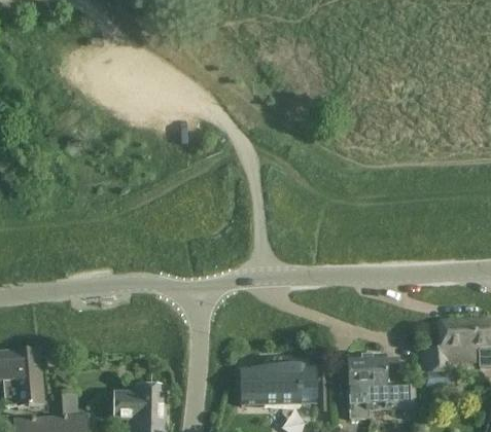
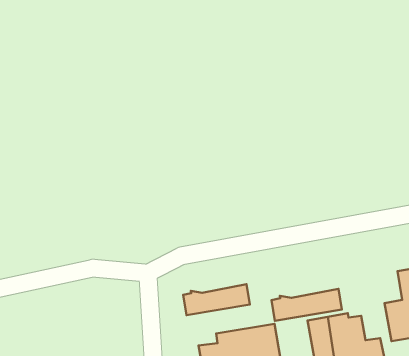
building: none -> [183,284,250,315]
building: none -> [272,289,342,321]

